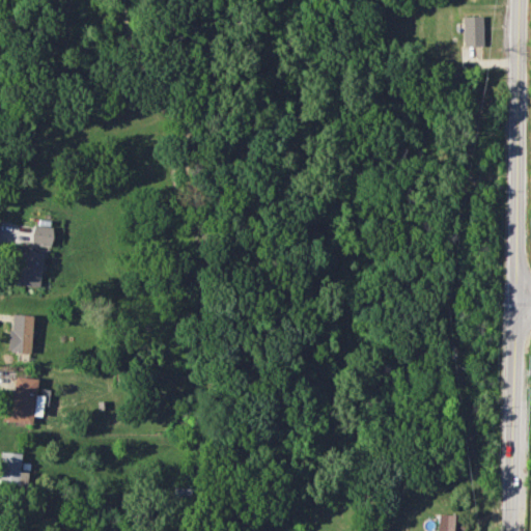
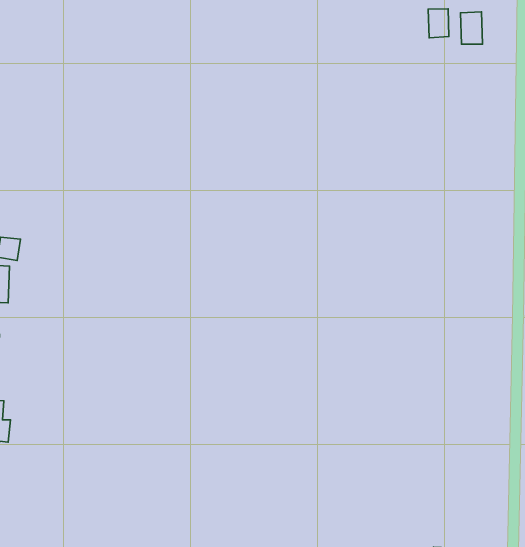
building: none -> [428,9,449,38]

